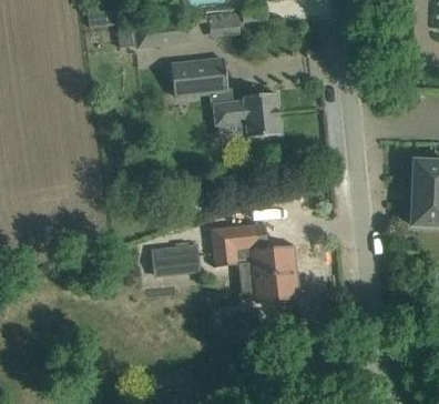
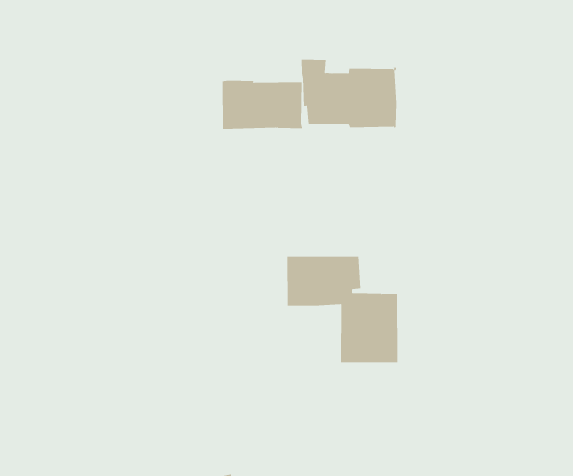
building: [170,59,228,97] -> [222,80,303,130]
building: [151,243,200,276] -> none

